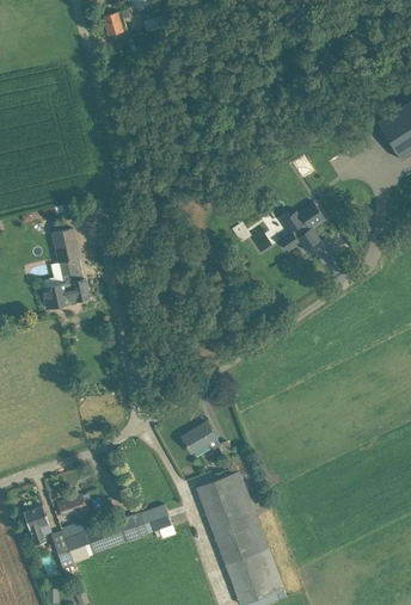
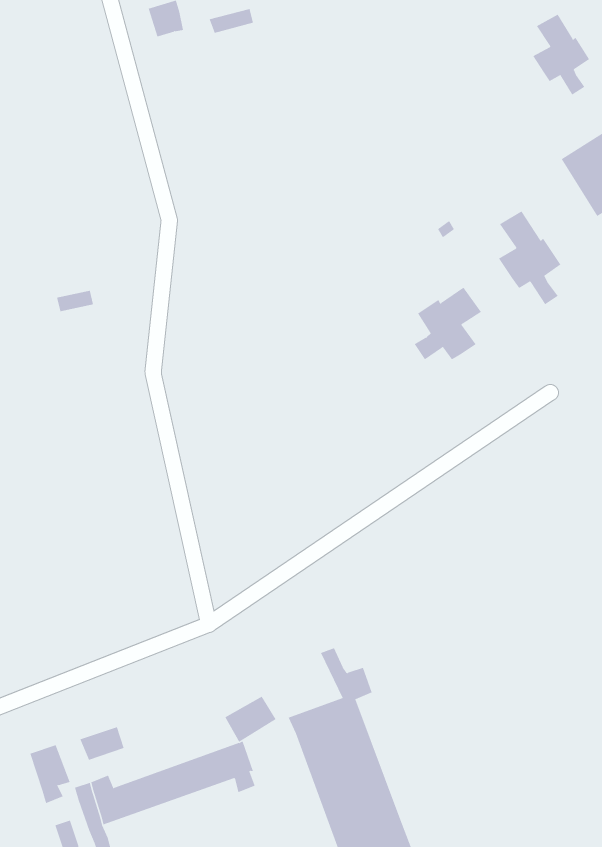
building: none -> [533,14,590,95]
building: none -> [498,210,561,305]
building: [42,229,88,308] -> none
building: [182,422,216,453] -> [224,696,277,742]

